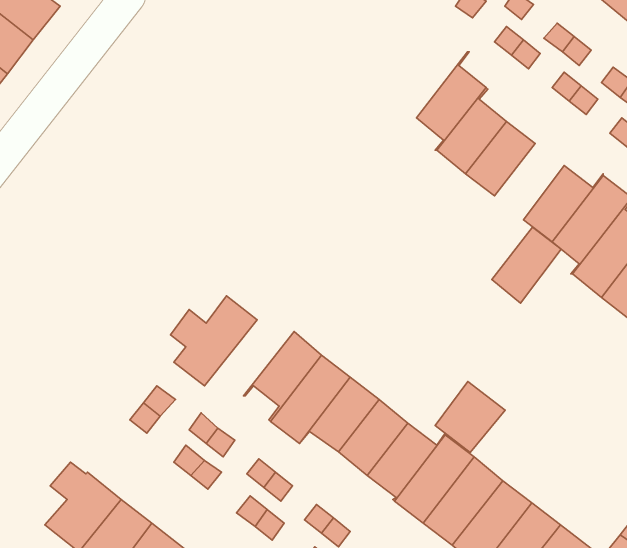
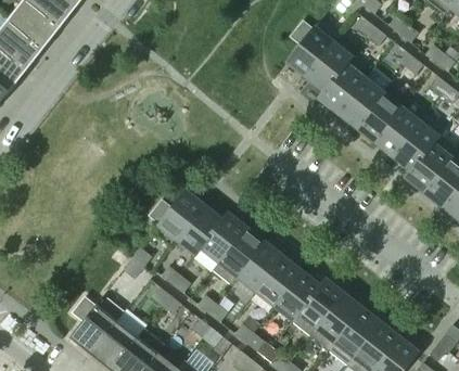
building: none -> [286,18,339,76]
building: [492,227,561,303] -> [356,92,400,141]
building: none -> [170,205,228,254]
building: [435,382,505,453] -> none

